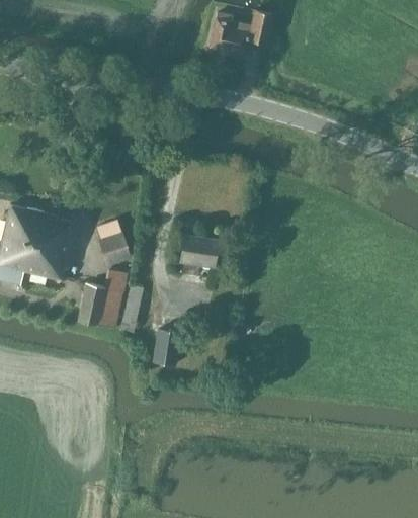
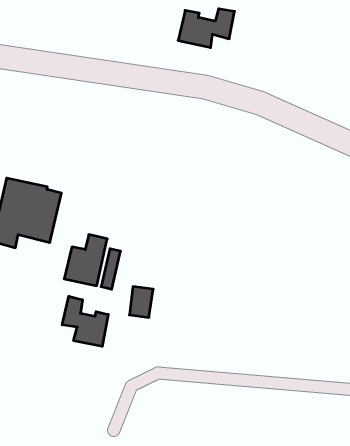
building: [98,234,130,265] -> none
building: [176,234,220,276] -> none
building: none -> [62,296,108,346]

